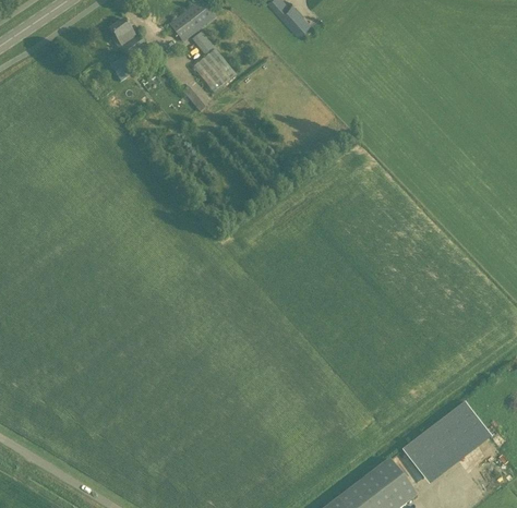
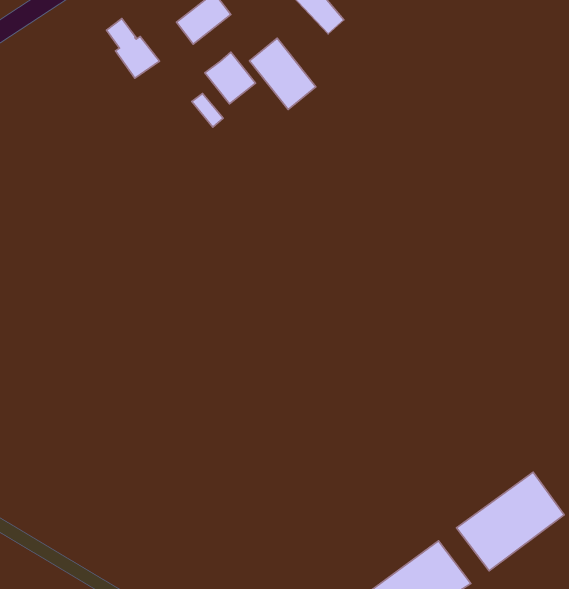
building: none -> [250,38,316,109]

